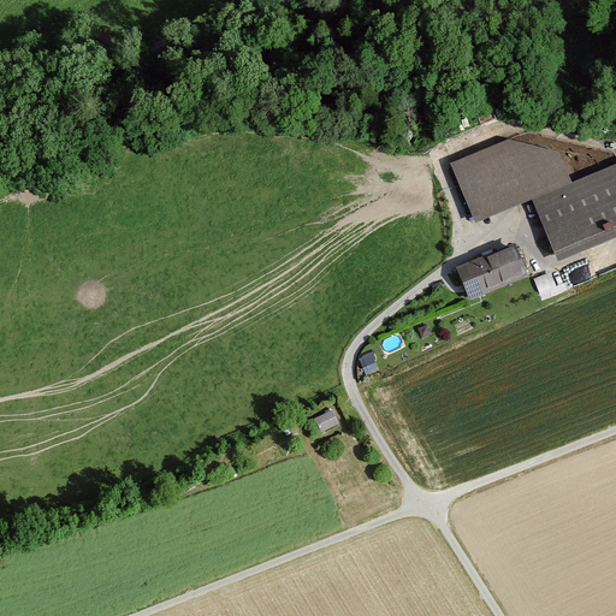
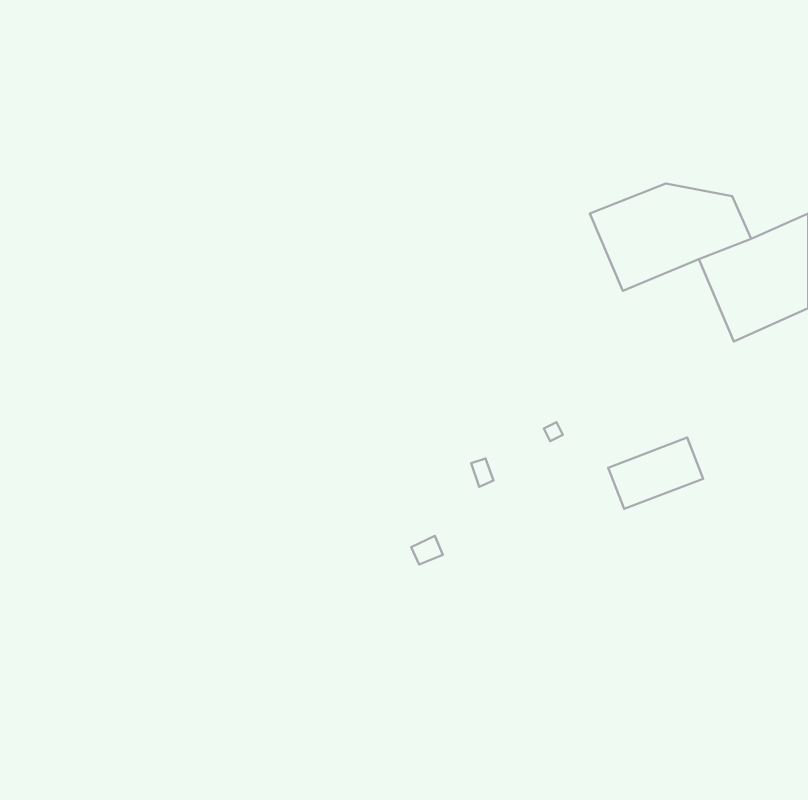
building: [455,242,527,296] -> [608,438,703,509]

